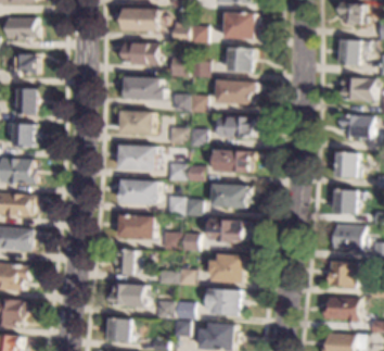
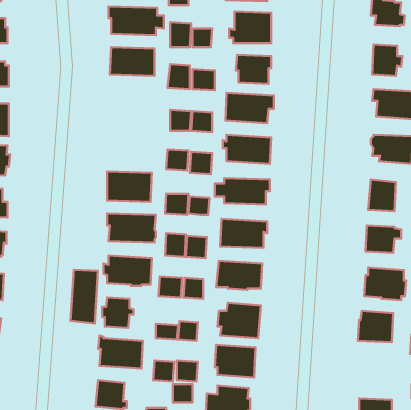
building: [123,76,165,100] -> none
building: [120,111,154,134] -> none
building: none -> [71,270,98,323]
building: [323,297,359,322] -> none

